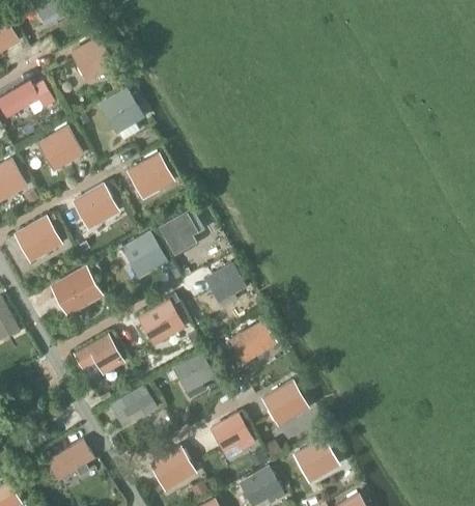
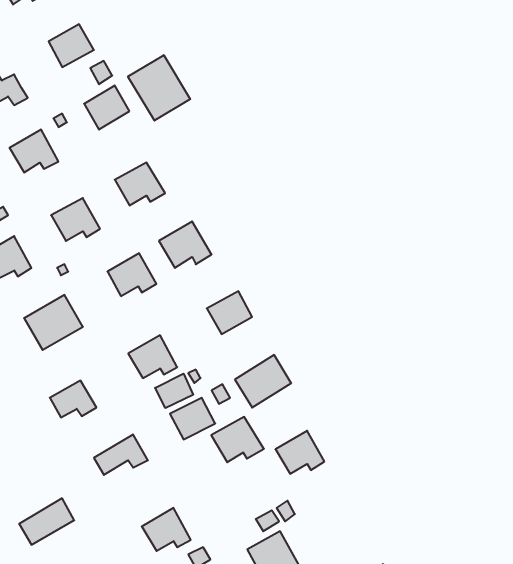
building: none -> [128,55,190,121]
building: none -> [155,374,193,408]
building: [211,416,255,454] -> [211,417,264,462]
building: [296,440,337,476] -> none

